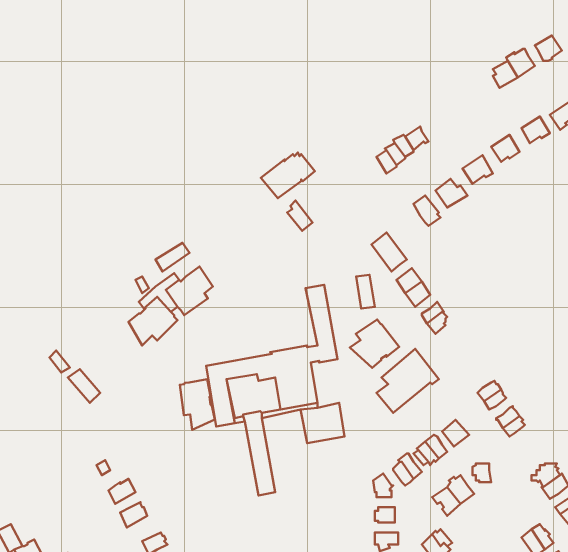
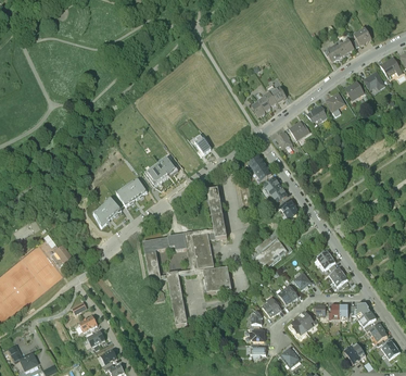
building: [261,153,315,198] -> [143,158,178,187]
building: [350,319,399,368] -> none
building: [180,379,215,430] -> none

